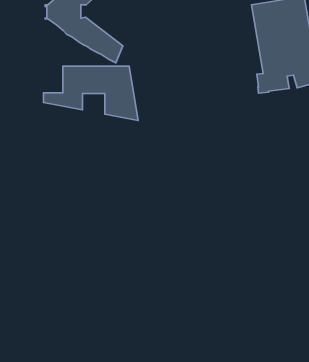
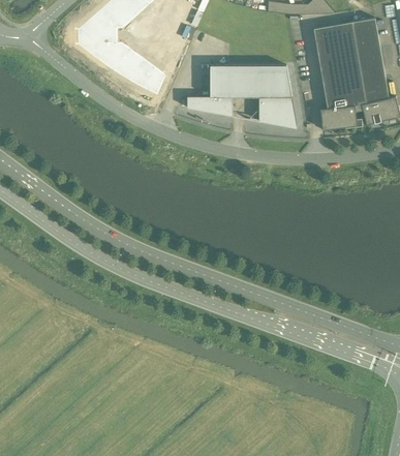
building: [43,66,138,120] -> [187,65,297,128]

